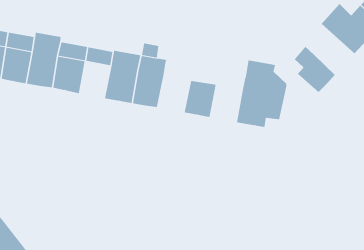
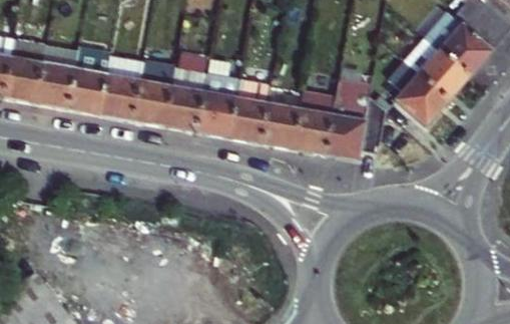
building: none -> [405,37,468,99]
building: none -> [132,82,170,128]
building: none -> [227,82,272,145]
building: none -> [292,95,335,157]

